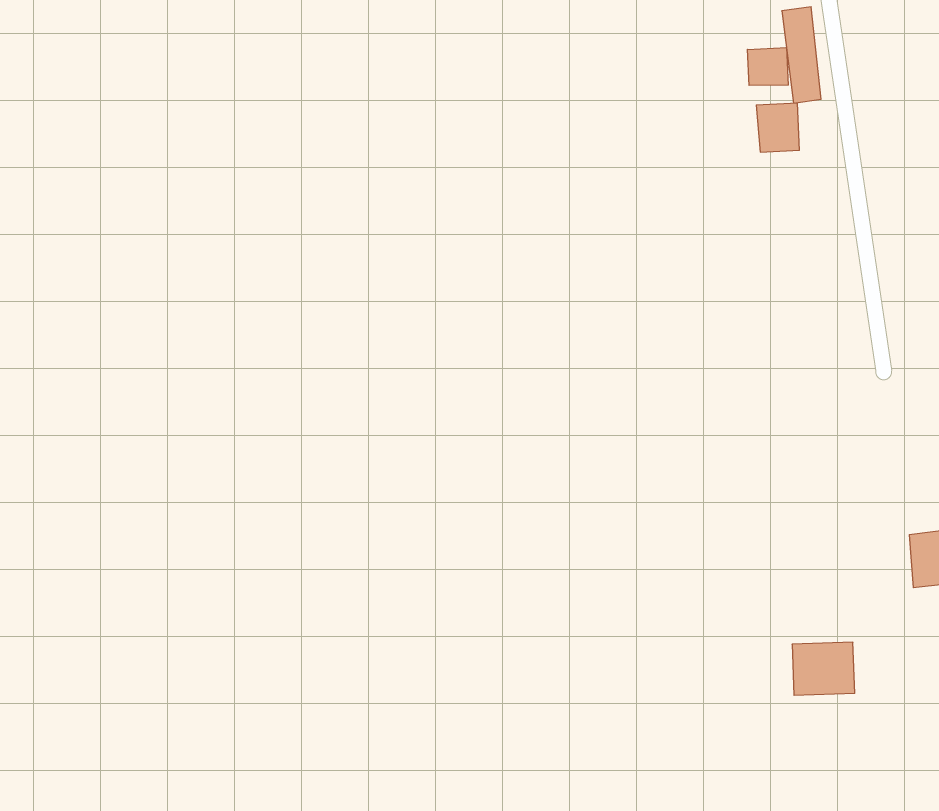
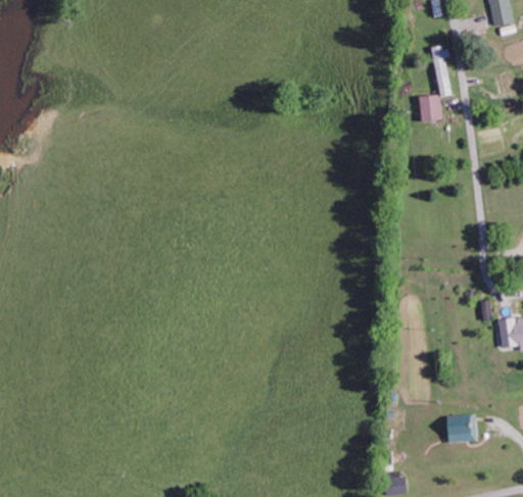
building: [747,47,788,85] -> none
building: [792,642,855,695] -> [444,414,477,442]

